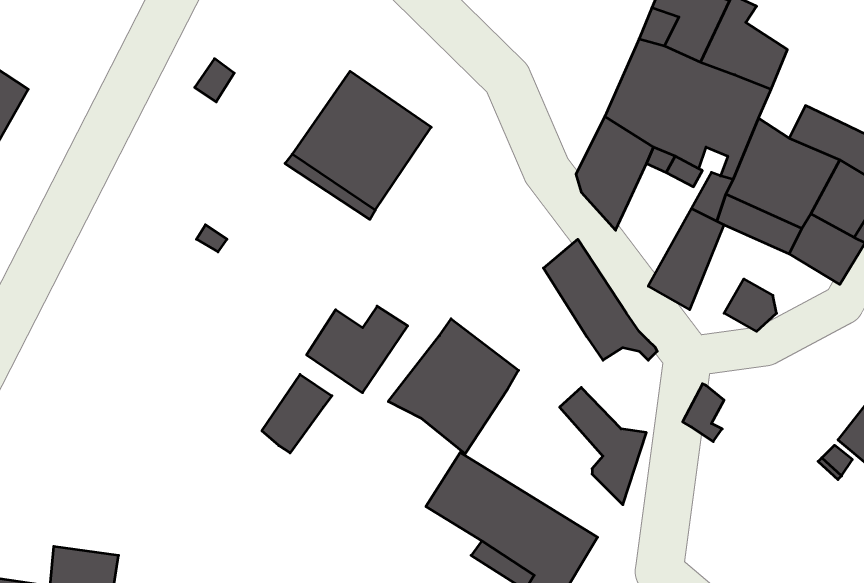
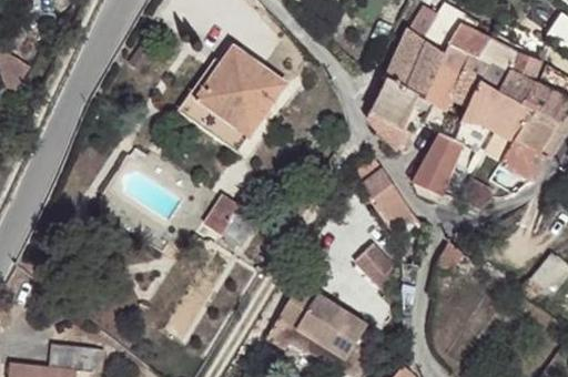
building: none -> [483,38,542,92]
building: [388,319,519,454] -> none
building: [262,374,332,453] -> none

